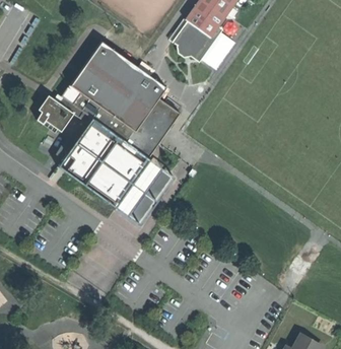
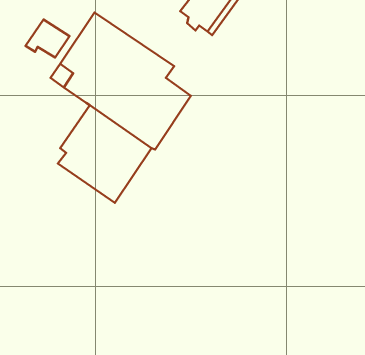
building: [37,99,74,132] -> [26,20,70,58]
building: [60,119,177,225] -> none

